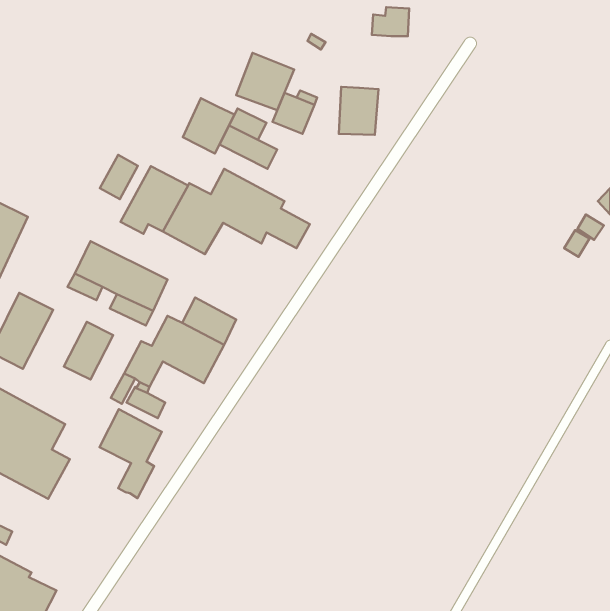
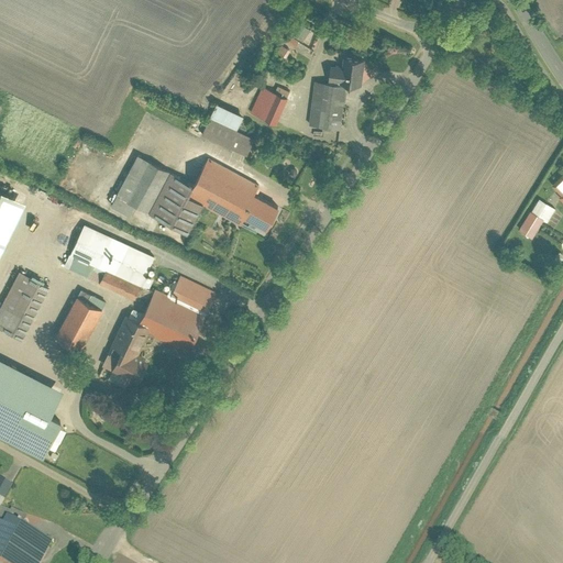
building: [372,7,409,36] -> [328,59,362,86]
building: [236,53,294,110] -> none
building: [183,98,234,154] -> none
building: [100,155,138,199] -> none
building: [99,409,162,498] -> none

